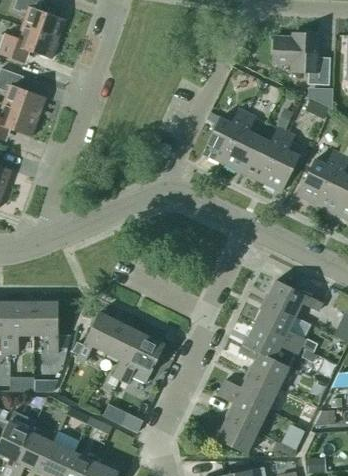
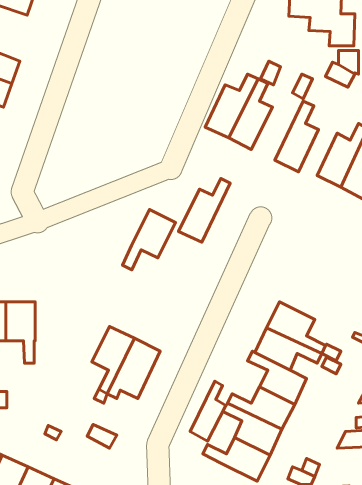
building: [241,127,285,181] -> [178,179,230,242]
building: [265,279,322,316] -> none
building: [76,311,121,362] -> [122,210,176,270]
building: none -> [190,381,226,441]

